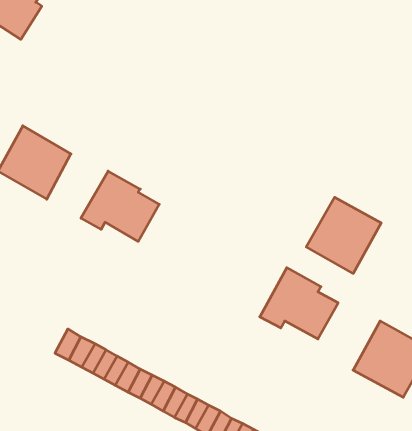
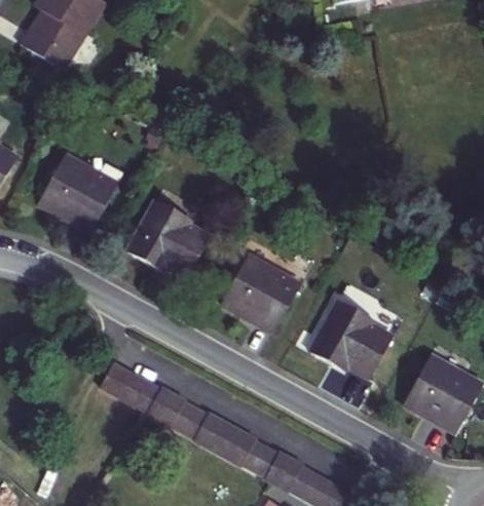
building: [306,197,381,273] -> none
building: none -> [222,256,298,332]

